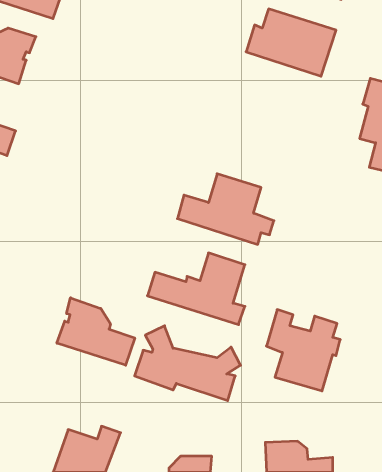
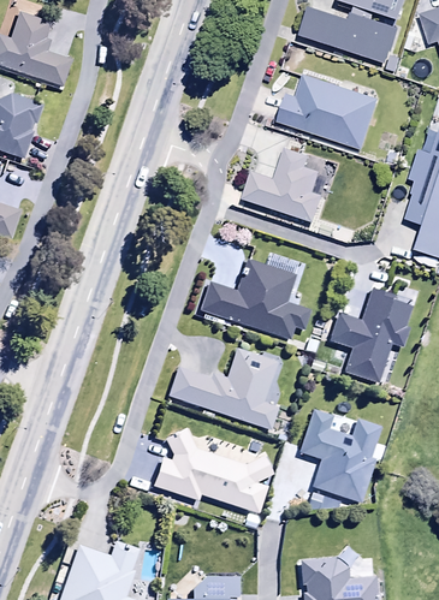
building: none -> [243,149,324,222]
building: none -> [331,291,411,381]
building: [57,298,135,365] -> none

